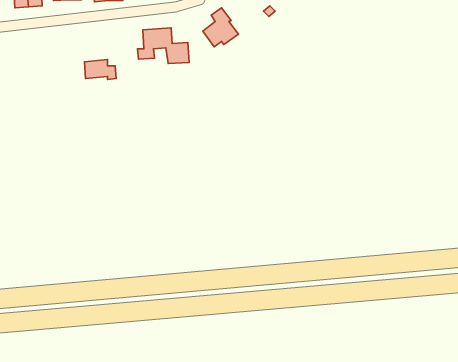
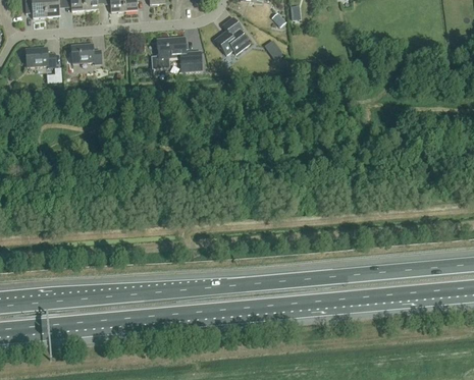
building: none -> [27,48,57,66]
building: [85,60,116,80] -> [71,44,102,63]

